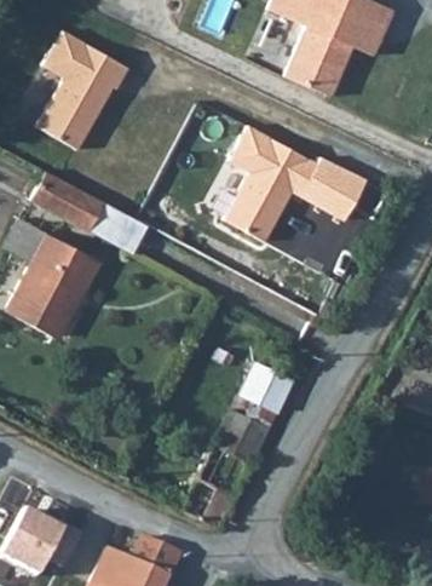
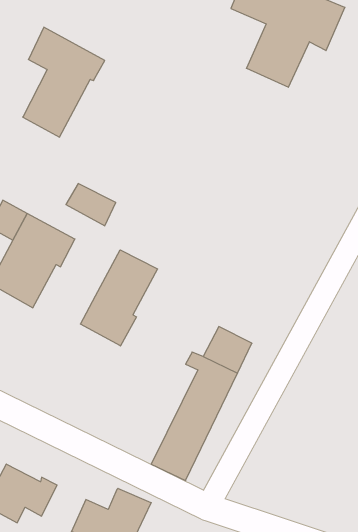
building: [226,126,368,240] -> none
building: [29,171,100,228] -> none
building: none -> [80,250,158,346]

